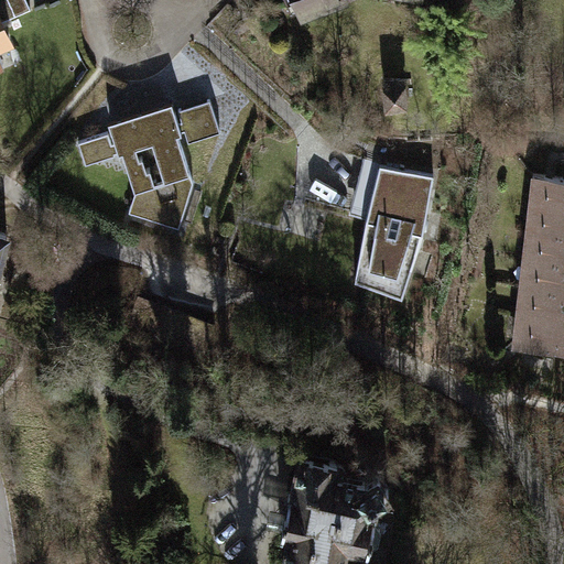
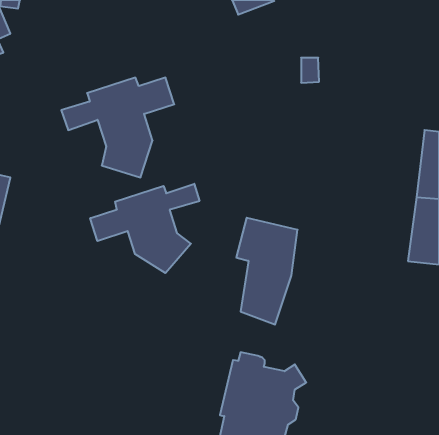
building: [350,163,429,300] -> [236,218,298,325]
building: none -> [90,184,199,273]

